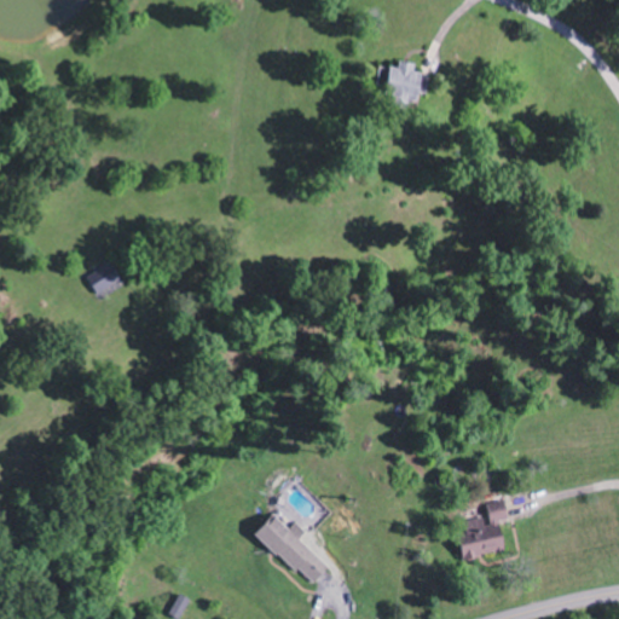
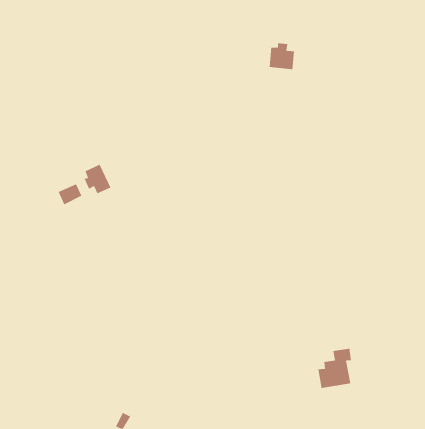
building: none -> [84,164,111,194]
building: [255,514,328,585] -> none

